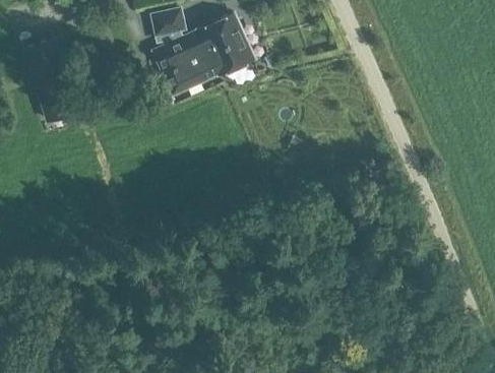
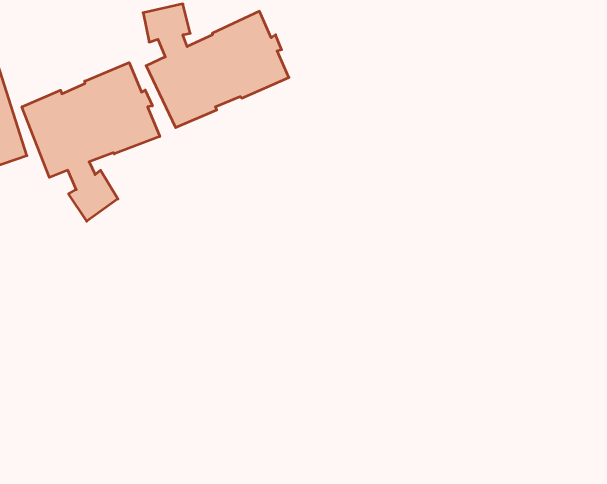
building: none -> [22,63,160,221]

